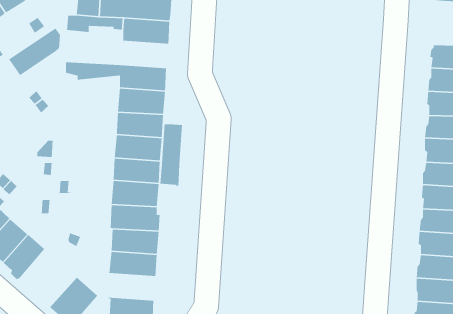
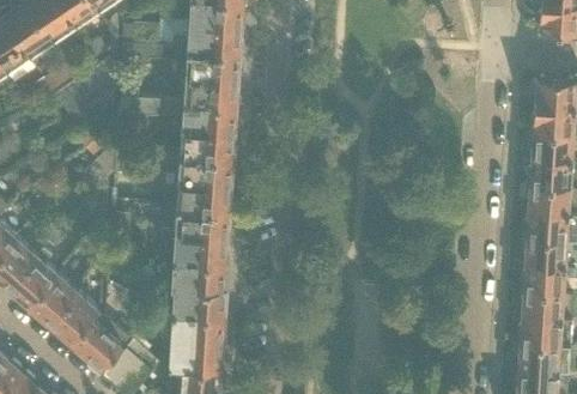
building: none -> [183,74,238,104]
building: [159,124,183,186] -> none
building: none -> [69,309,130,372]
building: none -> [169,337,224,366]

